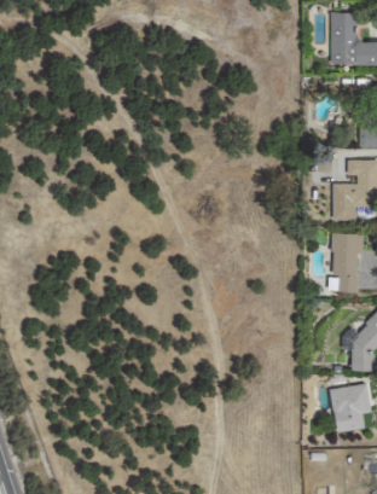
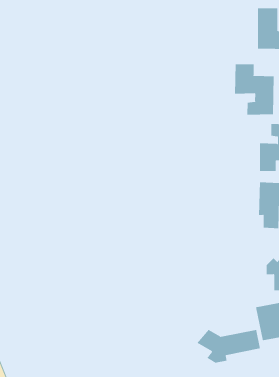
building: none -> [235,64,274,116]
building: none -> [197,329,260,363]

